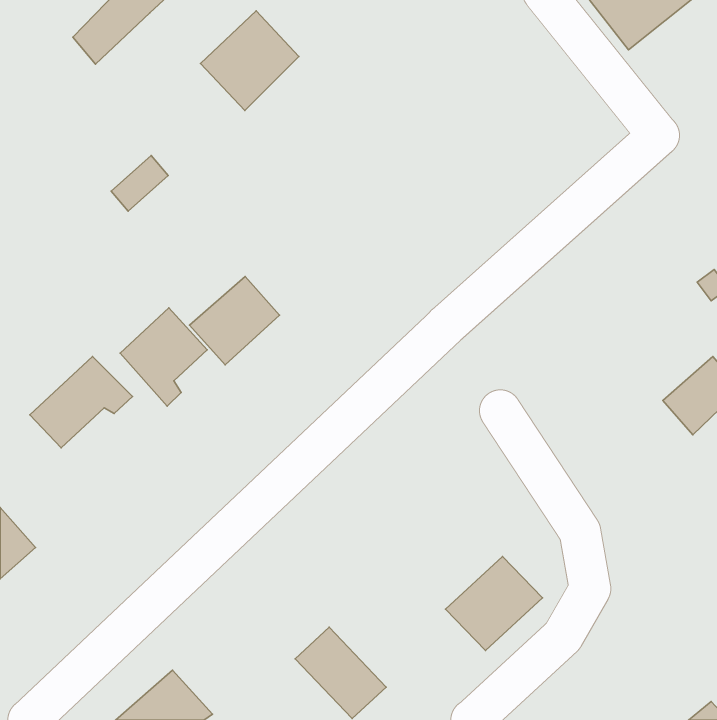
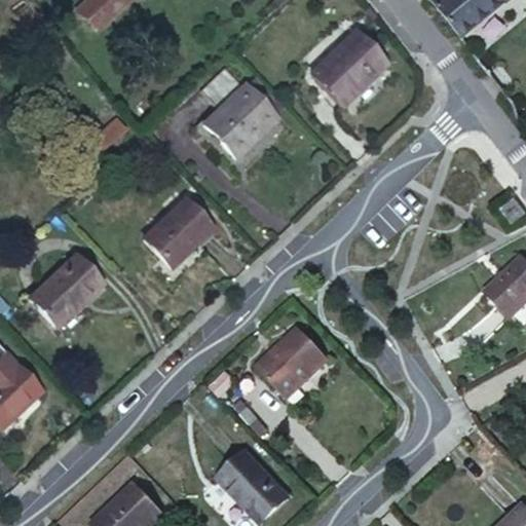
building: [201,11,299,111] -> [206,85,277,157]
building: none -> [314,36,385,106]
building: [120,308,207,406] -> none
building: [446,556,542,651] -> [258,327,328,394]

